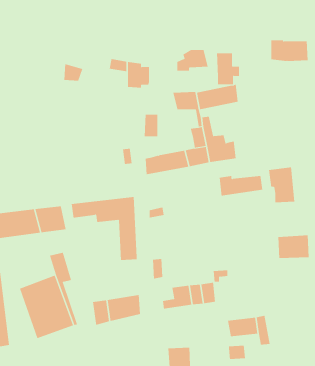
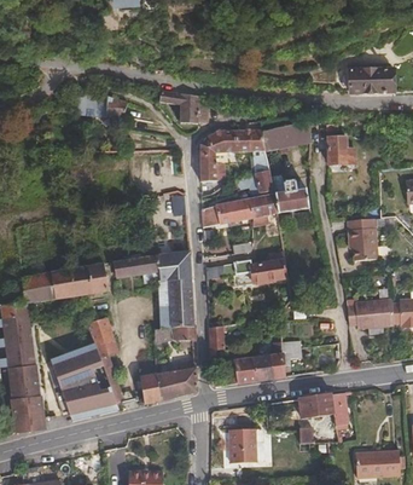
building: [176,49,208,71] -> [202,131,239,156]
building: [216,53,240,85] -> [327,137,355,174]
building: [219,176,263,196] -> [235,260,287,284]

